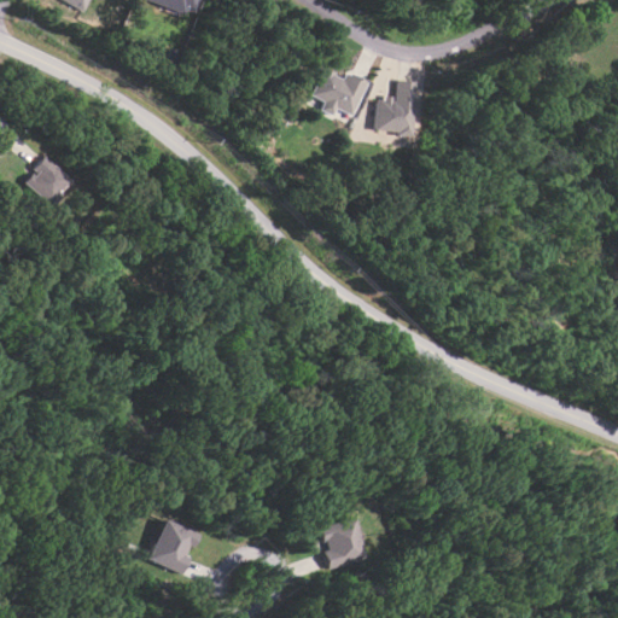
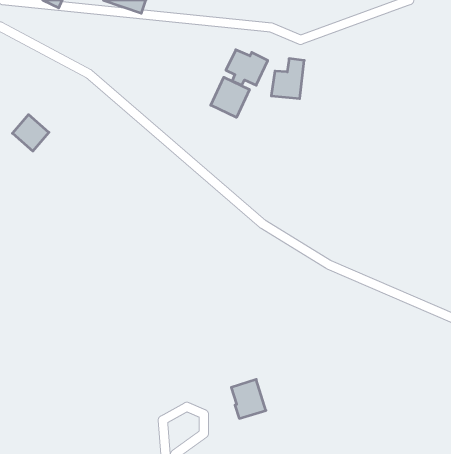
building: none -> [211,77,249,117]
building: [148,519,199,573] -> none

